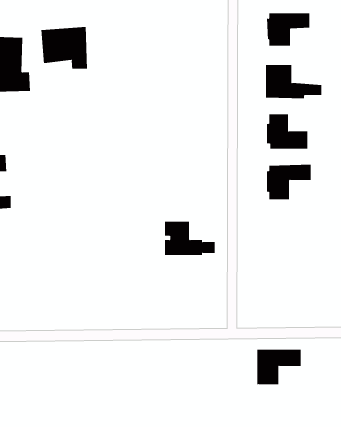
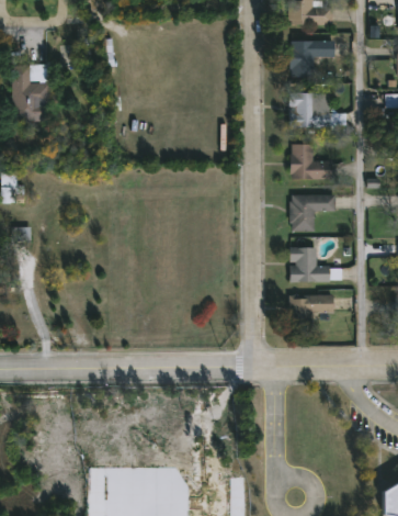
building: [41,26,87,70] -> none
building: [164,221,216,256] -> [289,247,342,282]
building: [256,349,302,385] -> [288,295,334,332]

